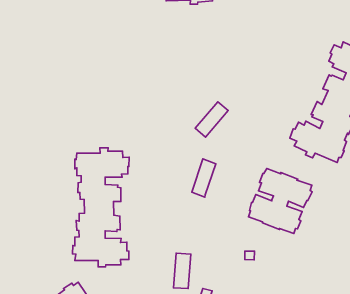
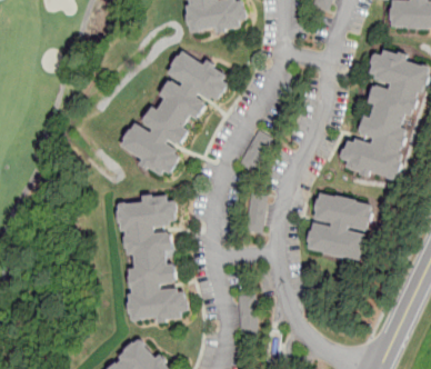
building: none -> [121,51,225,174]

